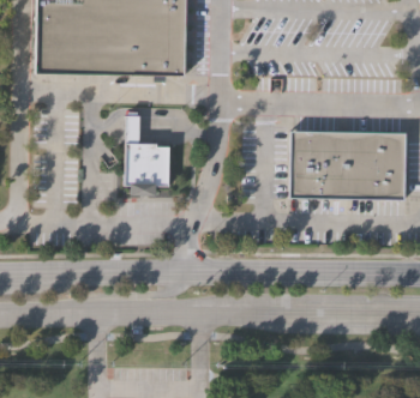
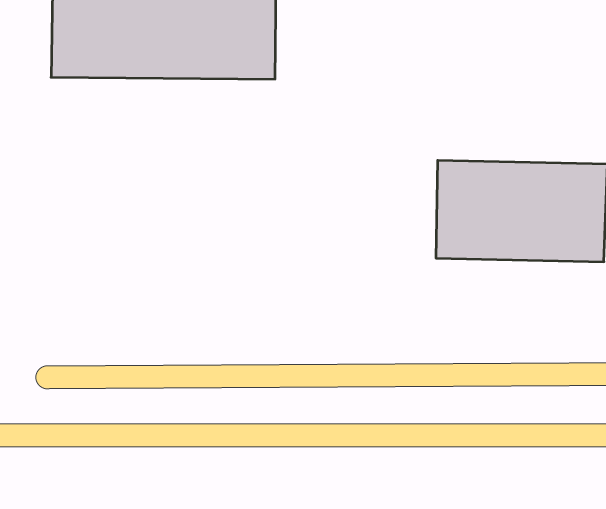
building: [124,116,169,194] -> none

